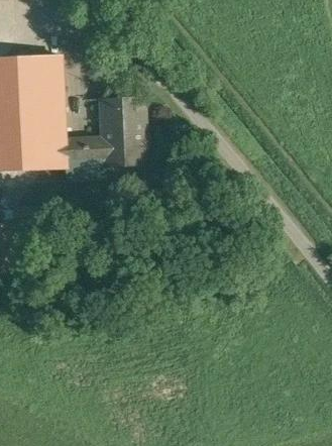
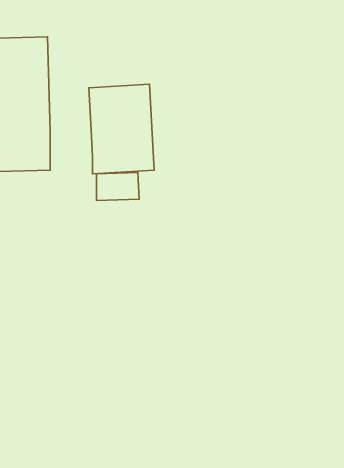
building: [66,135,101,158] -> [97,172,139,200]

